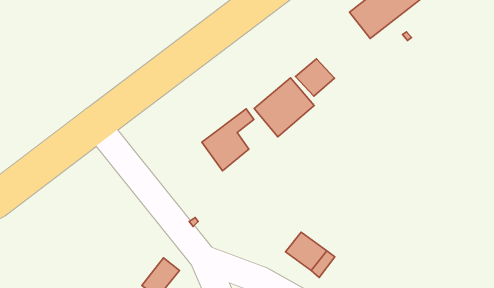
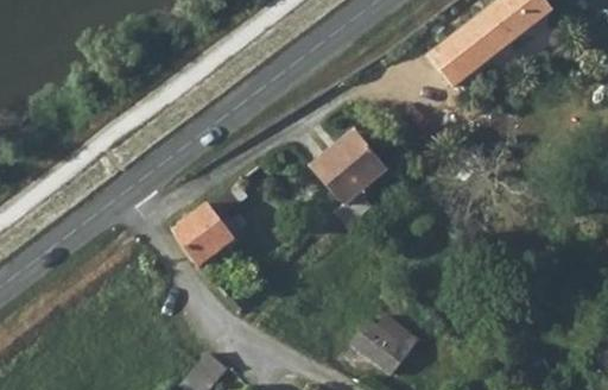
building: [296,59,334,96] -> none
building: [202,109,254,171] -> [172,190,235,265]

